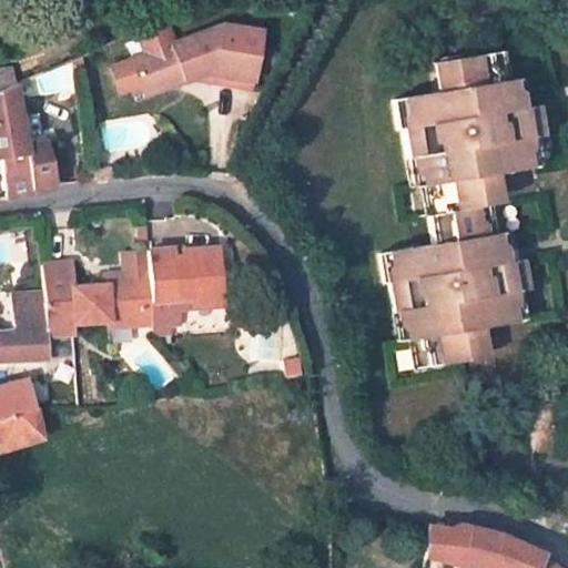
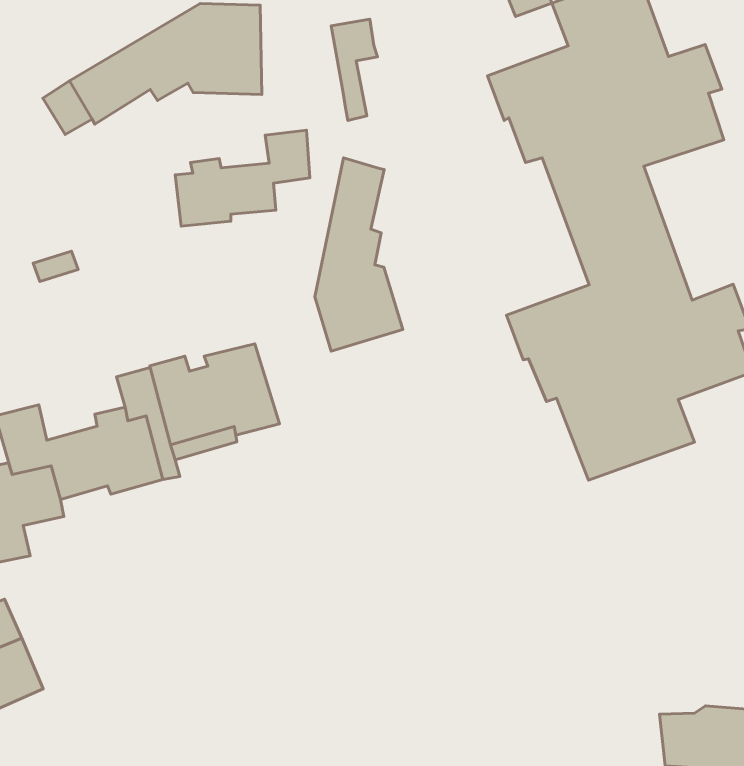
building: none -> [331,19,377,120]
building: none -> [175,130,310,226]
building: none -> [315,158,403,351]

